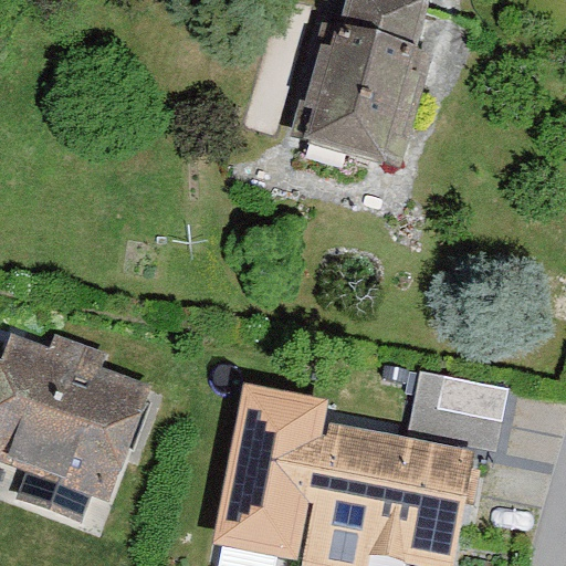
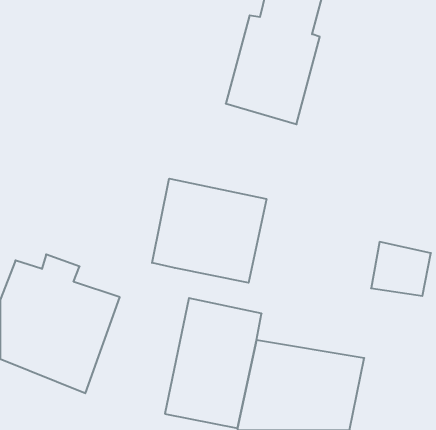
building: none -> [152,179,266,283]
building: [427,376,504,446] -> [371,242,431,296]

